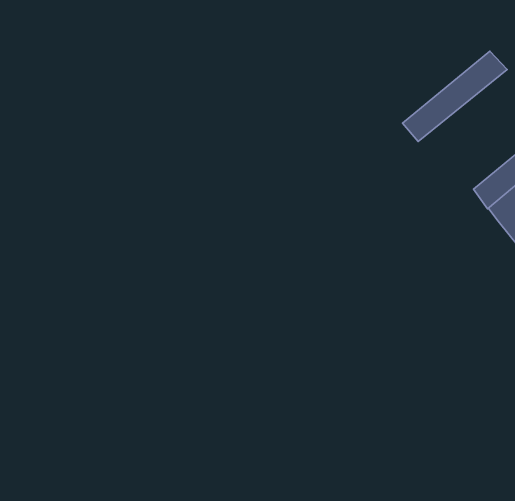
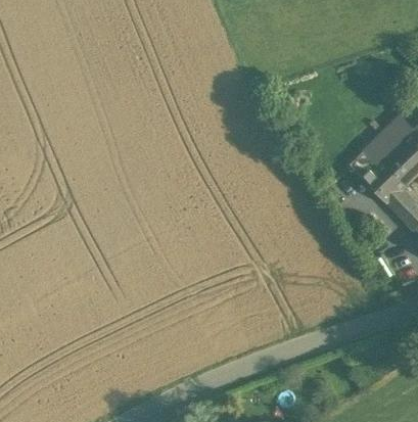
building: [402,51,507,141] -> none

